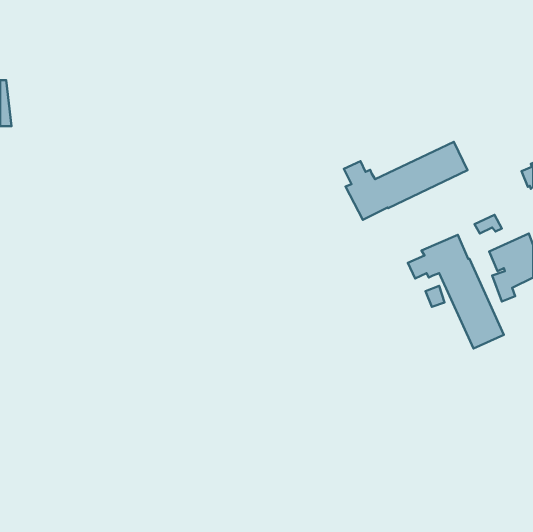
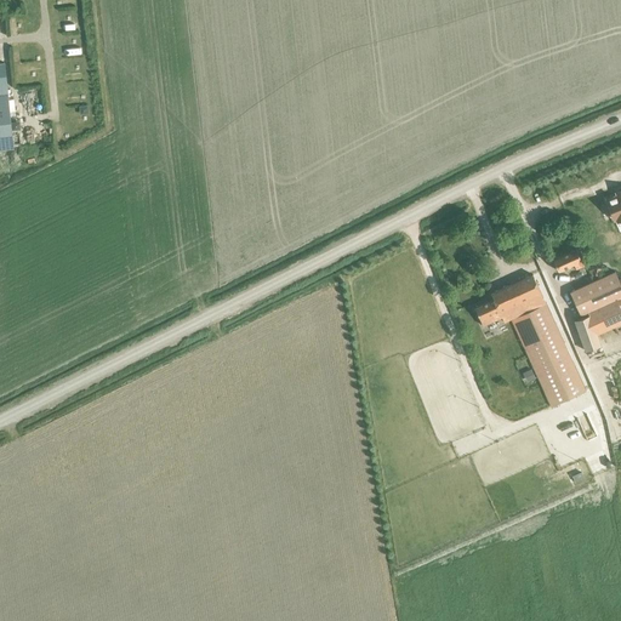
building: [344,142,468,220] -> none

